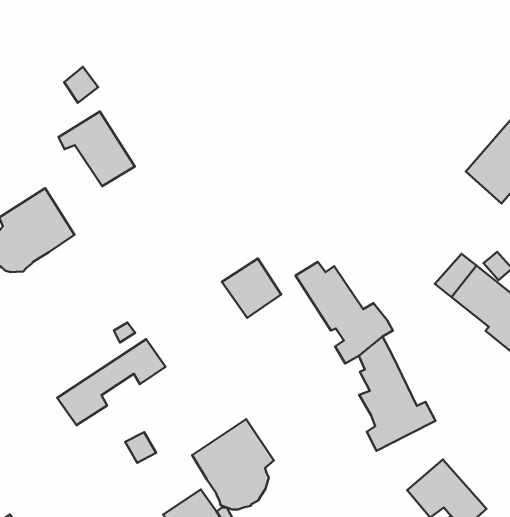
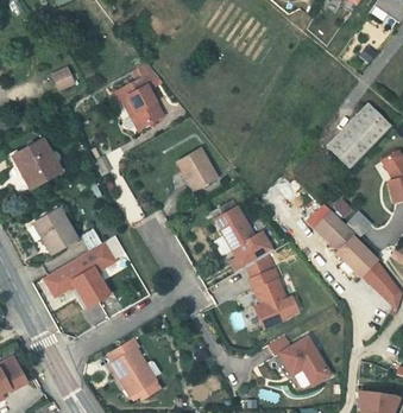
building: [58,112,135,186] -> [112,76,162,126]
building: [222,259,281,318] -> [174,146,213,185]
building: none -> [32,211,76,258]
building: none -> [75,268,113,309]
building: [192,419,274,510] -> none

